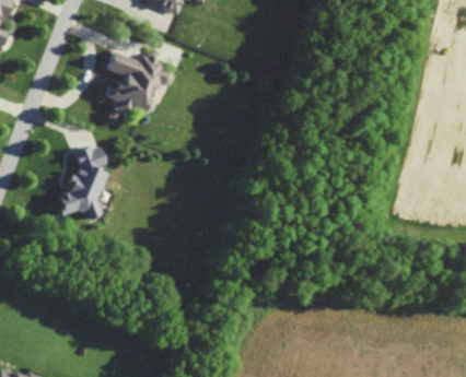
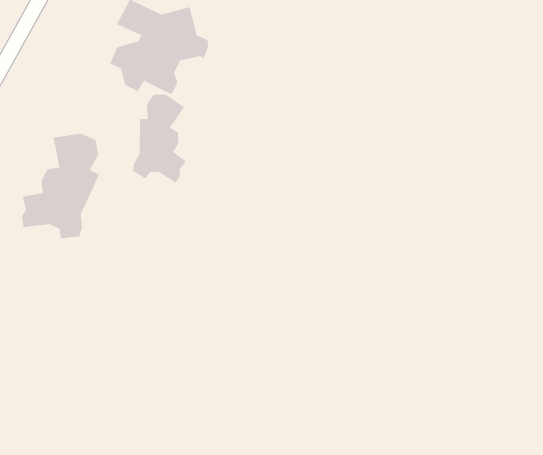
building: none -> [133,94,187,184]

